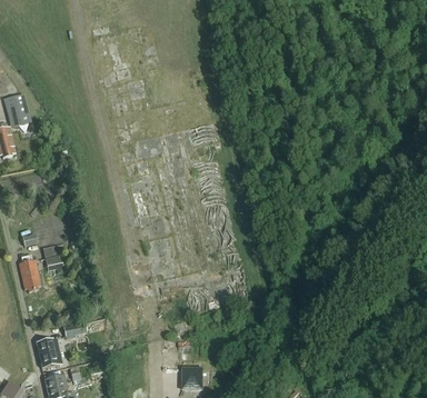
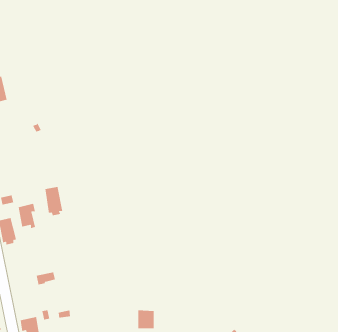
building: none -> [45,186,63,216]
building: [36,338,60,368] -> none

